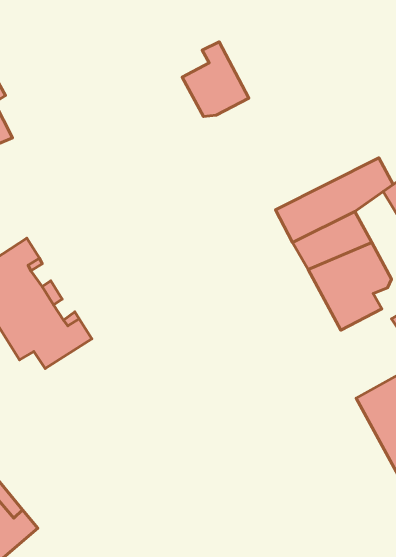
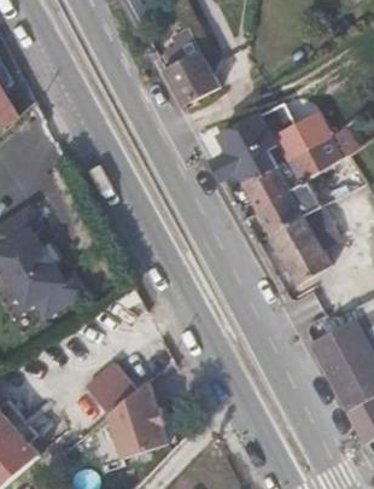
building: none -> [211,103,329,182]
building: none -> [94,362,164,452]

